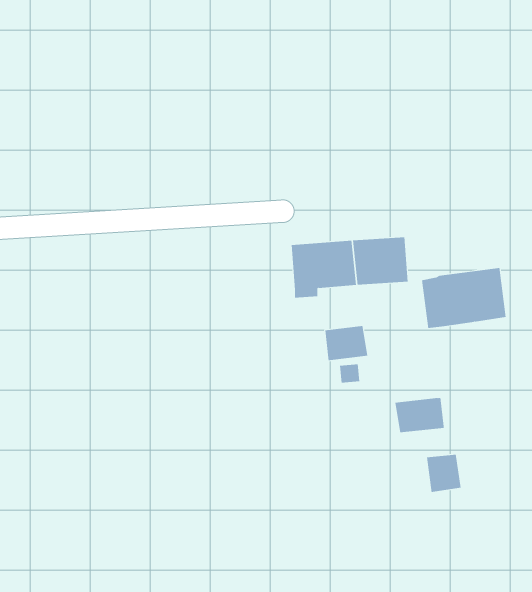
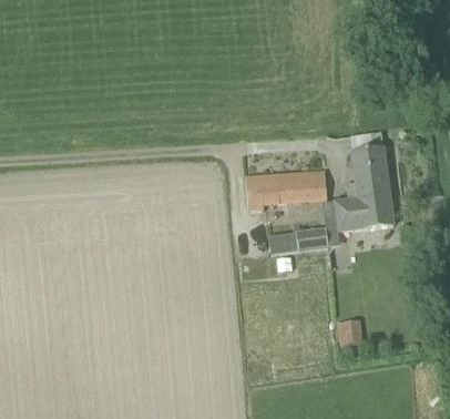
building: none -> [346,146,389,195]
building: [395,398,445,433] -> [295,226,329,251]

